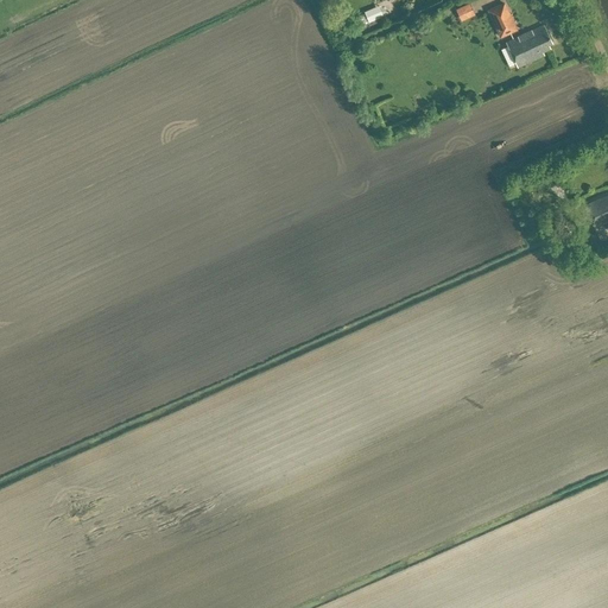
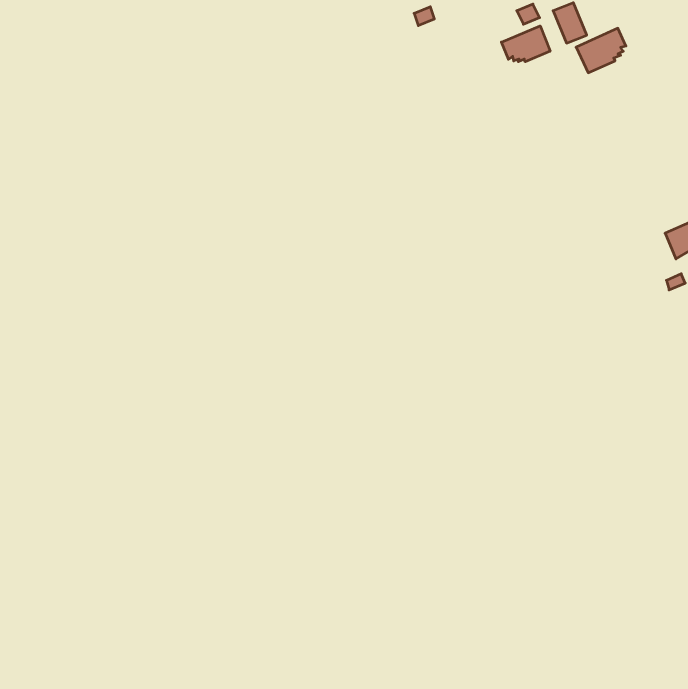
building: none -> [501,26,550,62]

